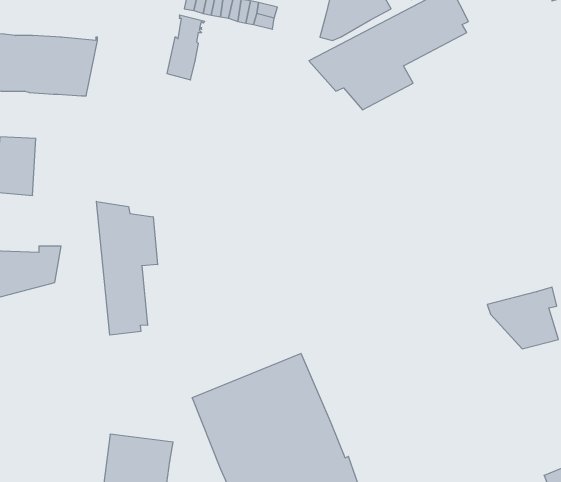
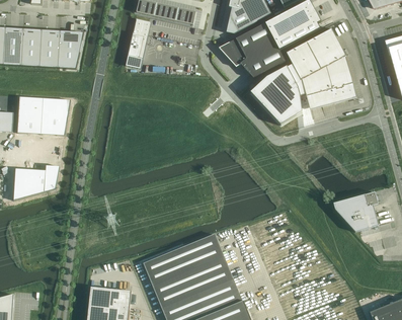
building: none -> [249,27,355,125]
building: none -> [41,96,70,134]
building: [96,201,158,335] -> none

